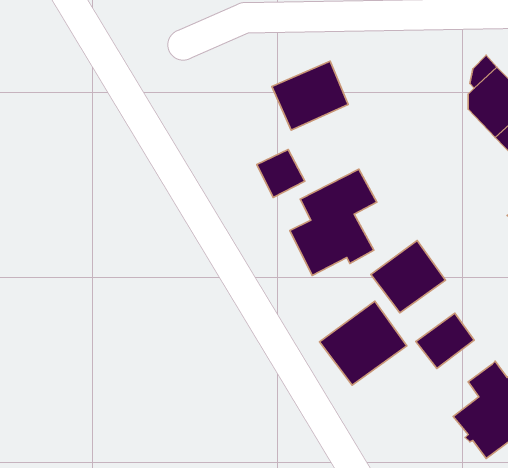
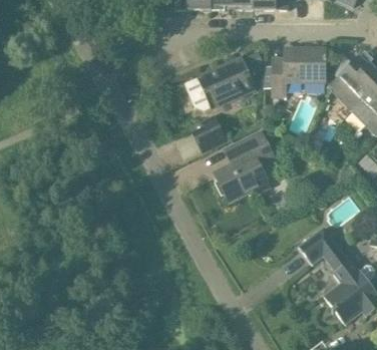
building: none -> [272,47,325,94]
building: [371,241,445,313] -> none
building: [319,301,407,385] -> none

